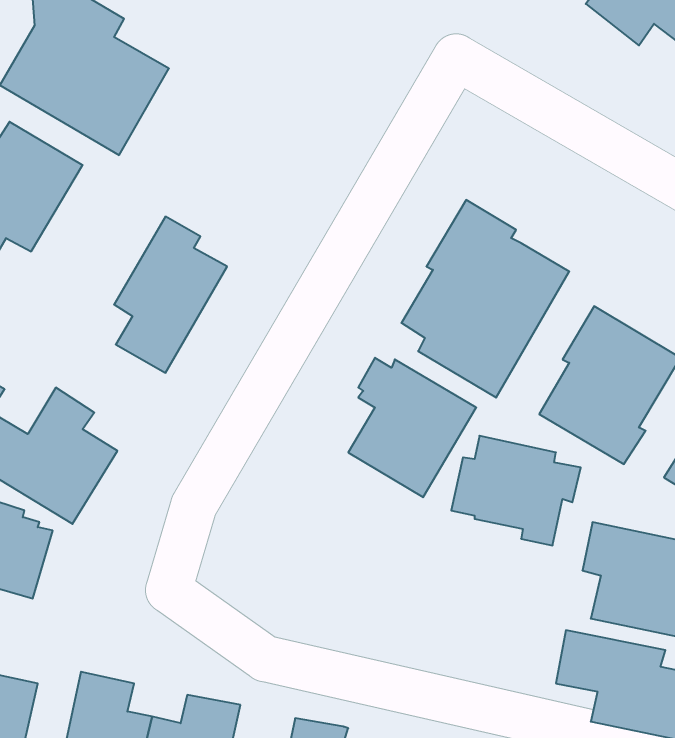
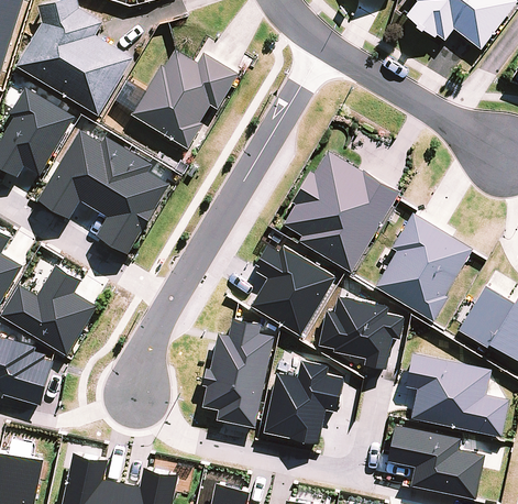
building: none -> [133,48,235,146]
building: none -> [37,132,129,220]
building: none -> [202,320,273,429]
building: none -> [264,363,343,446]

